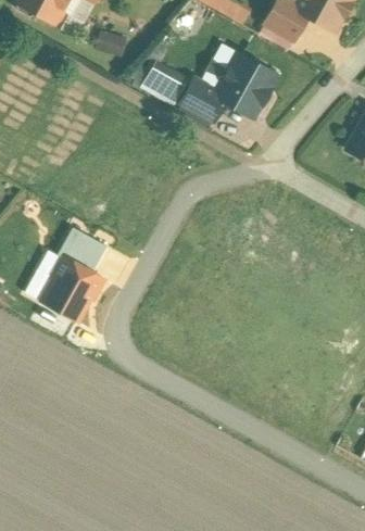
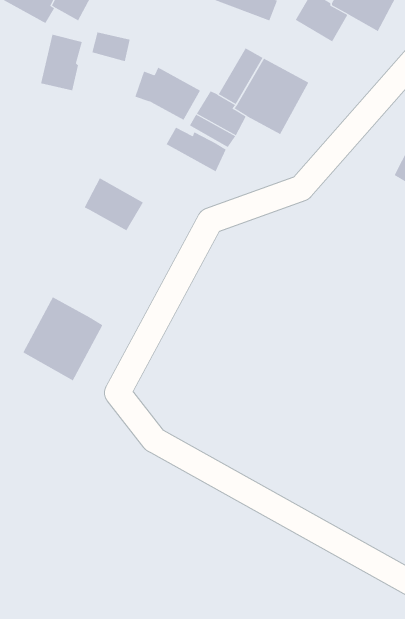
building: none -> [40,34,82,91]
building: none -> [166,127,227,172]
building: [59,225,109,269] -> [84,178,144,231]

